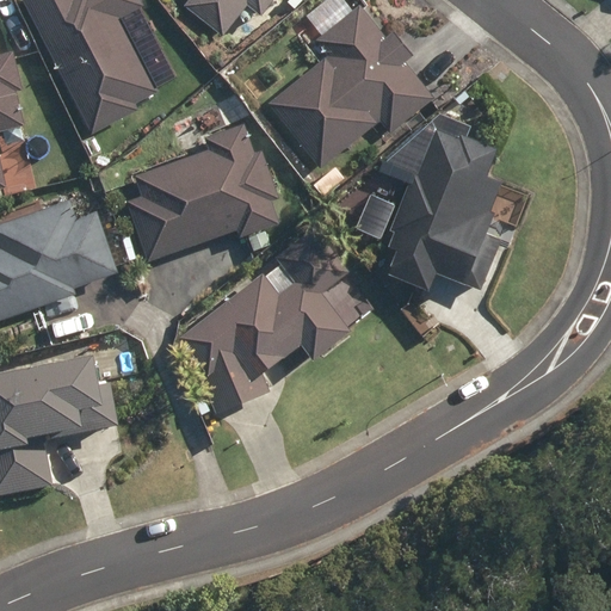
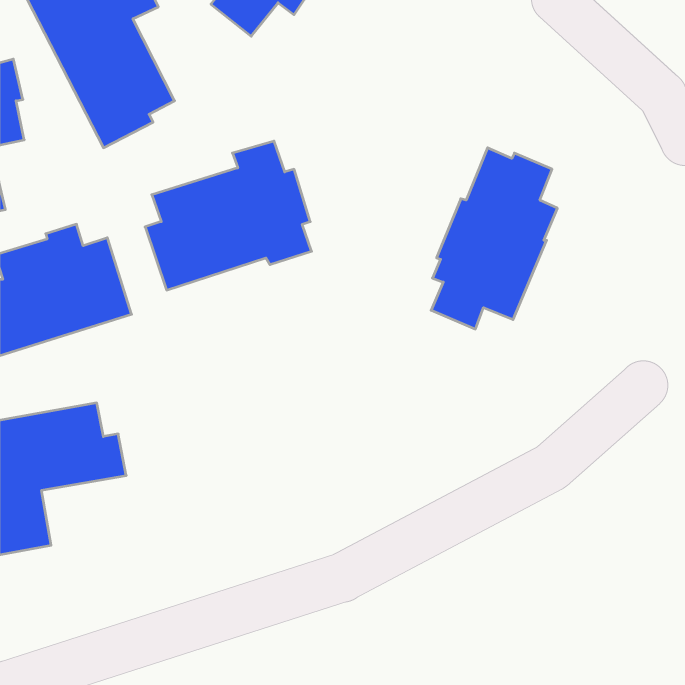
building: [271,7,434,165] -> none
building: [178,229,347,415] -> none

